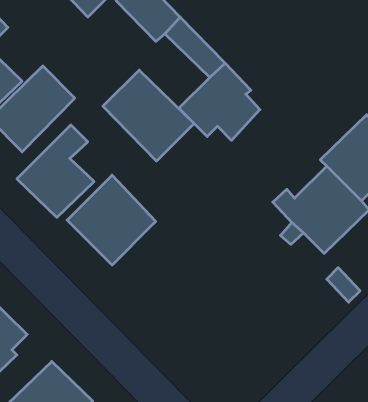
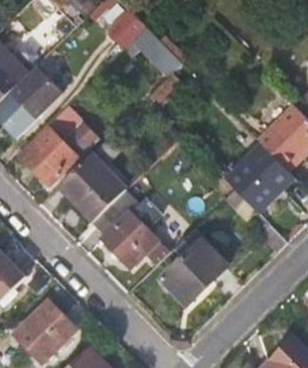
building: [103,70,194,161] -> none
building: none -> [93,190,160,263]
building: none -> [160,229,227,304]

